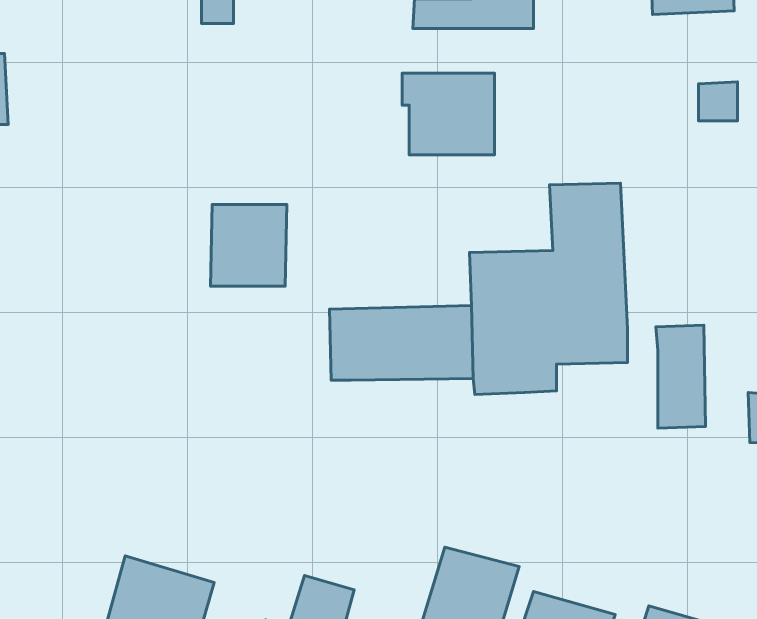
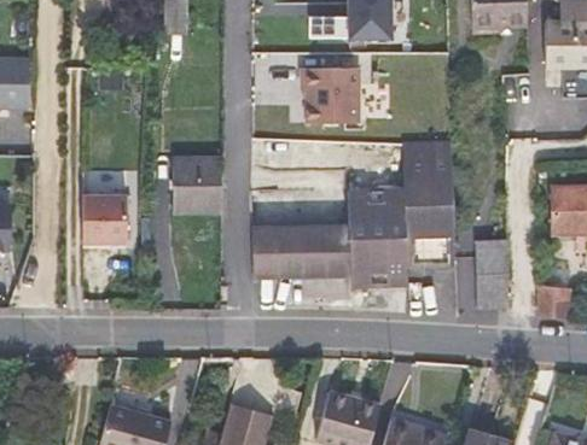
building: none -> [83,194,127,241]

